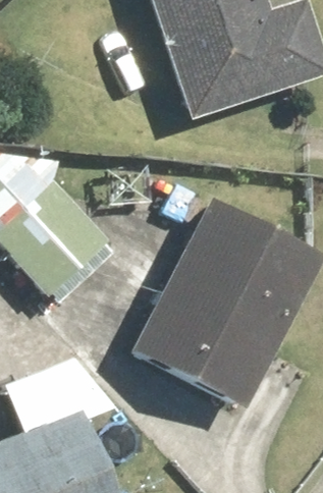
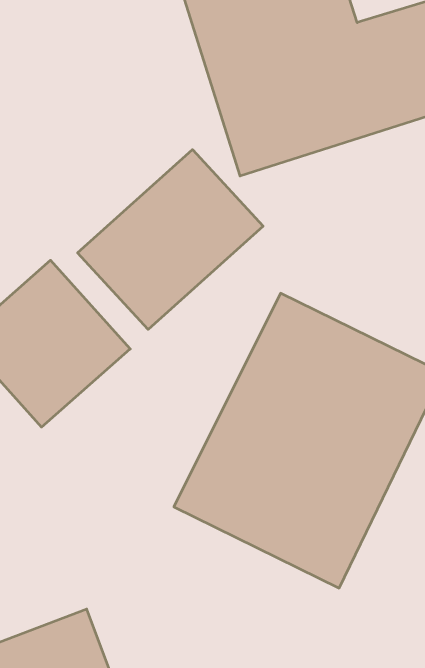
building: none -> [78,150,263,329]

